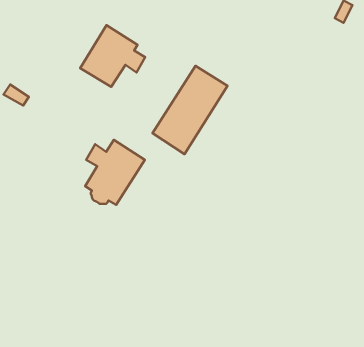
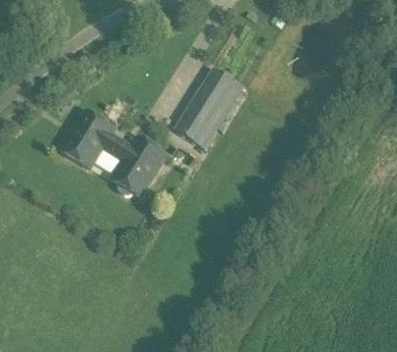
building: [80,25,145,87] -> [61,109,121,166]

